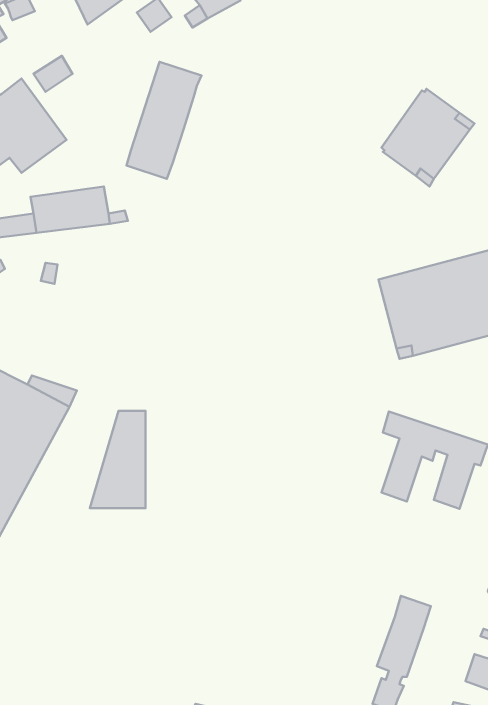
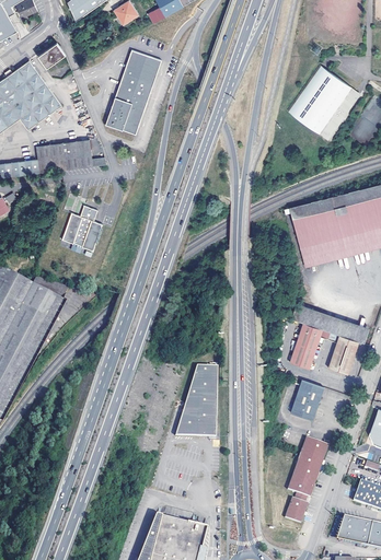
building: none -> [65,203,104,248]
building: [90,411,145,508] -> [174,365,215,436]
building: none -> [290,380,323,420]

